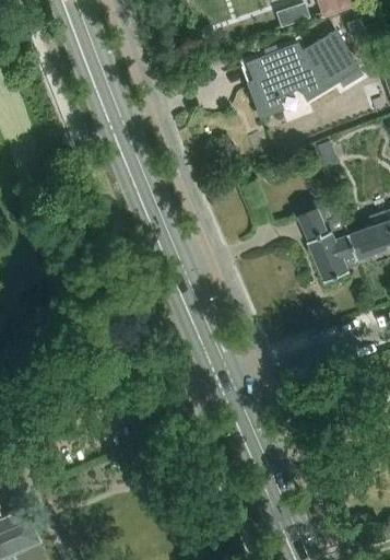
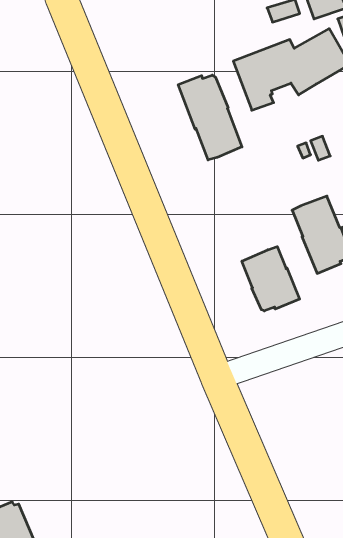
building: none -> [178,75,242,160]
building: none -> [242,247,300,311]

